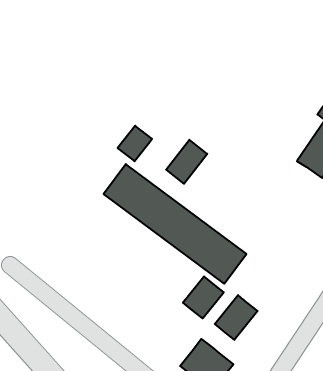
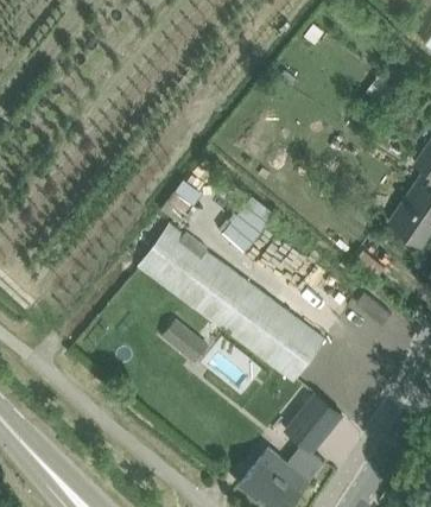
building: none -> [159,318,208,363]
building: [183,276,224,318] -> none
building: none -> [280,441,322,481]

